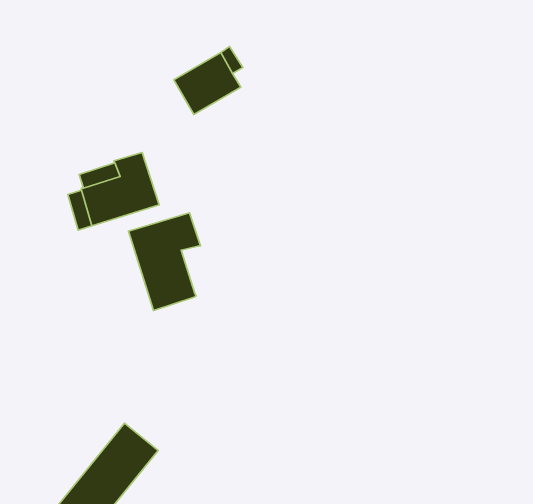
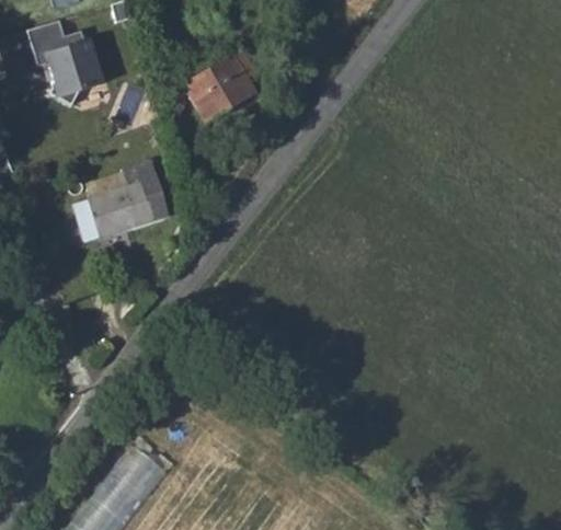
building: none -> [25,21,101,105]
building: [129,213,200,311] -> none

